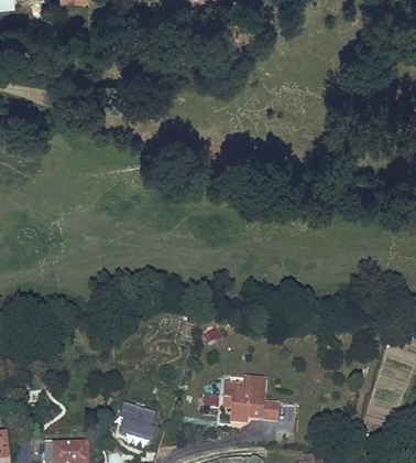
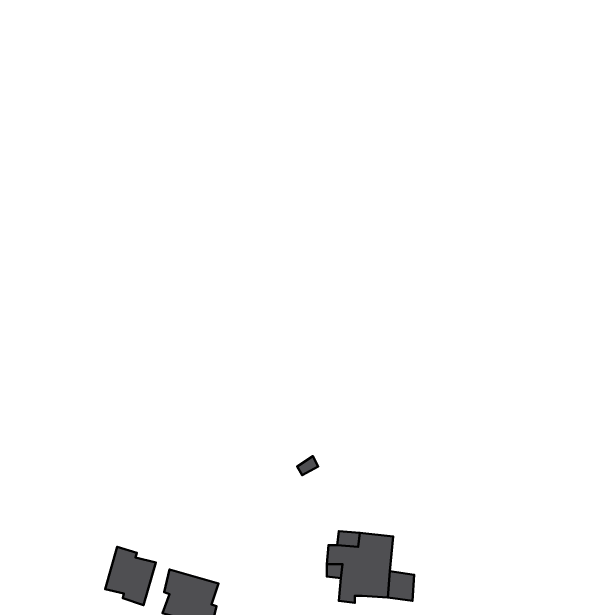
building: none -> [105,547,156,605]

